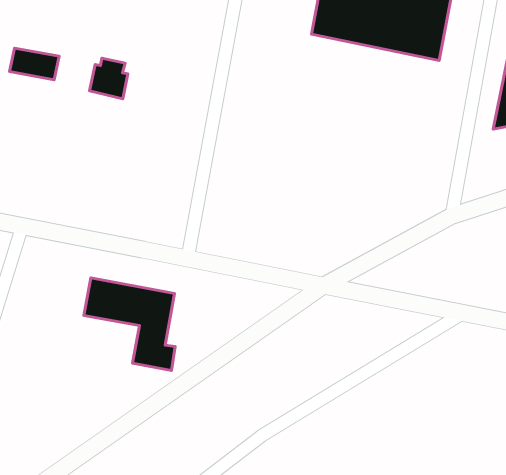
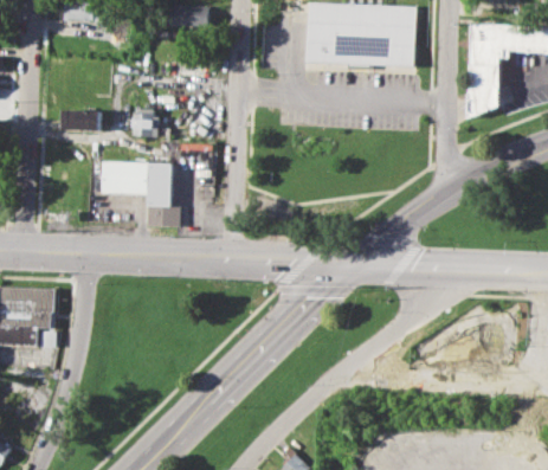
building: [84,278,175,370] -> [99,161,179,227]

